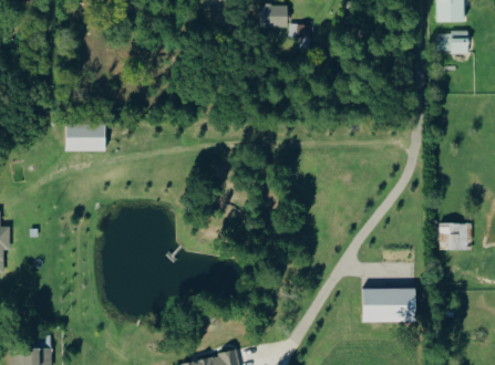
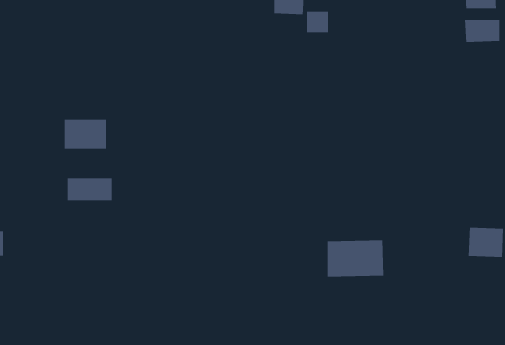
building: none -> [67,178,112,201]
building: [362,288,415,322] -> [327,240,384,277]

